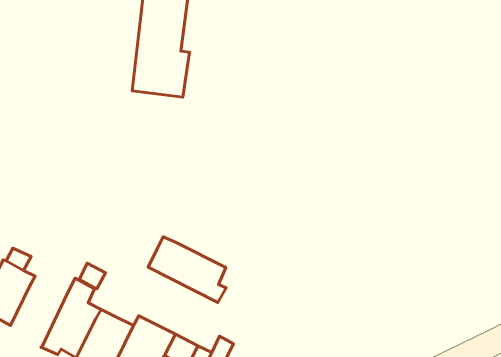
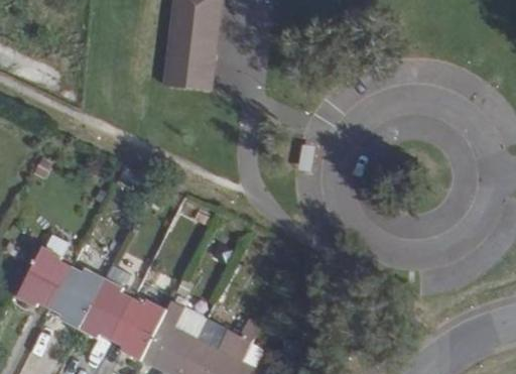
building: [148,237,226,302] -> none
building: none -> [49,262,103,329]

